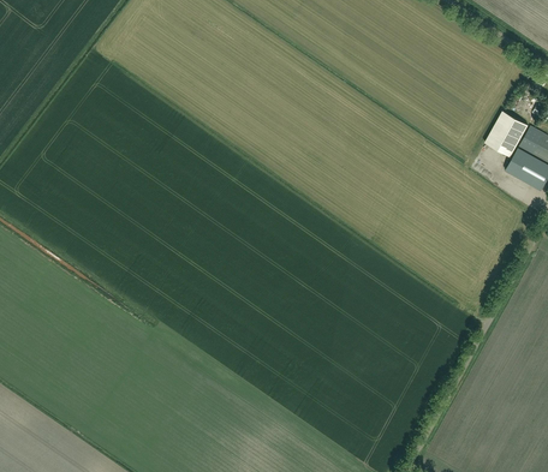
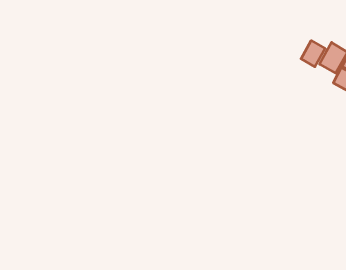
building: none -> [301,41,325,67]

